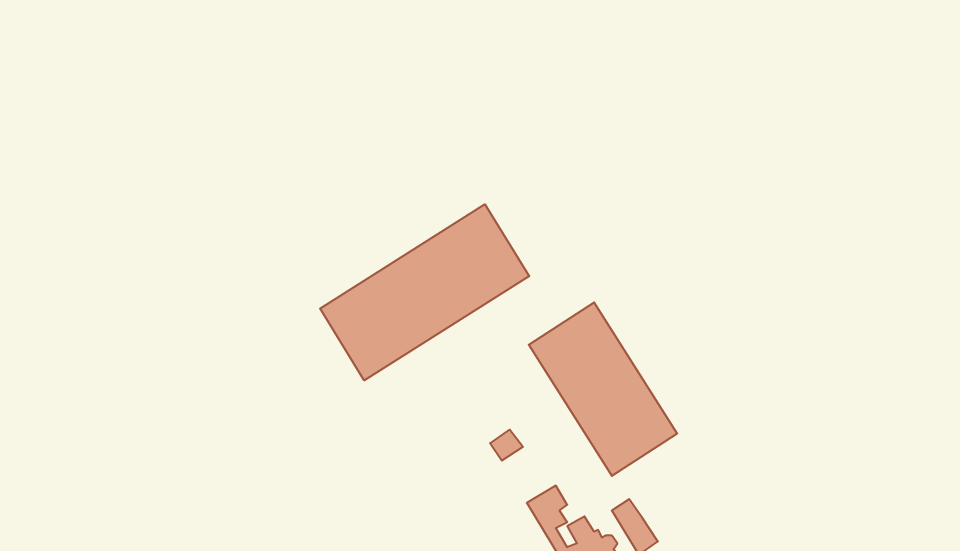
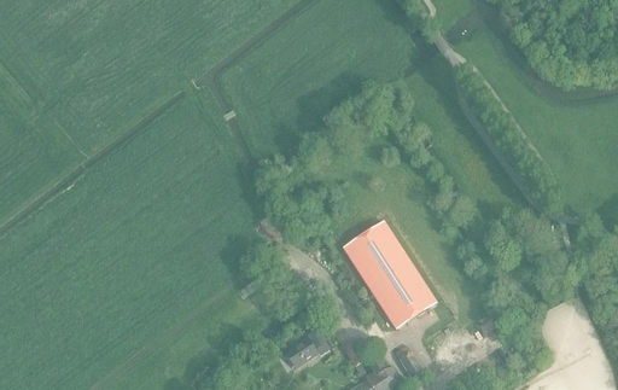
building: [320,204,529,380] -> none
building: none -> [284,337,319,369]

